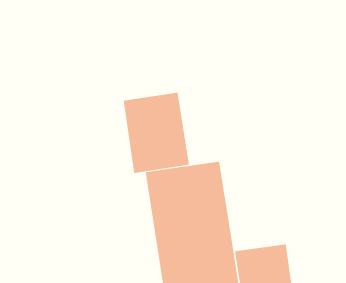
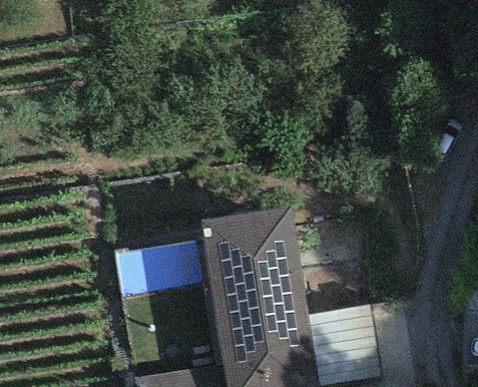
building: [123,92,189,174] -> none

